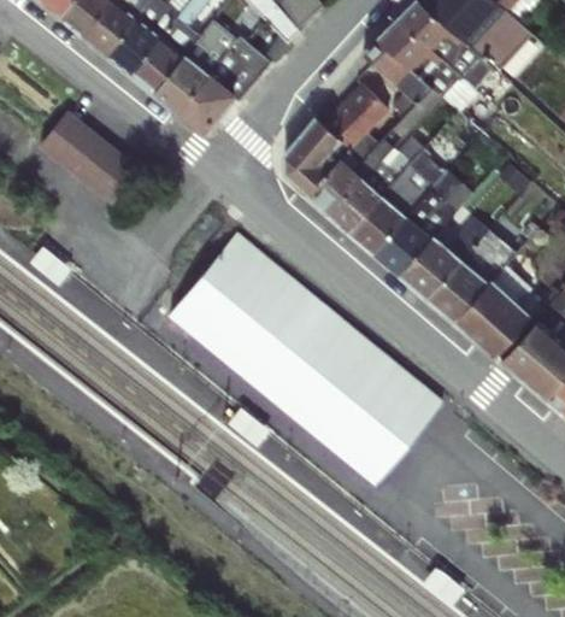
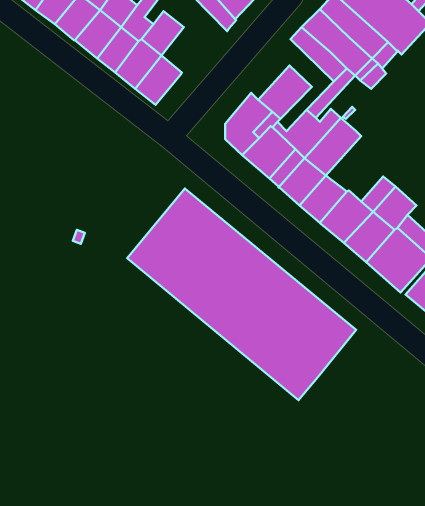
building: [210,35,272,100] -> none
building: [39,108,141,204] -> none
building: [406,169,475,235] -> none

